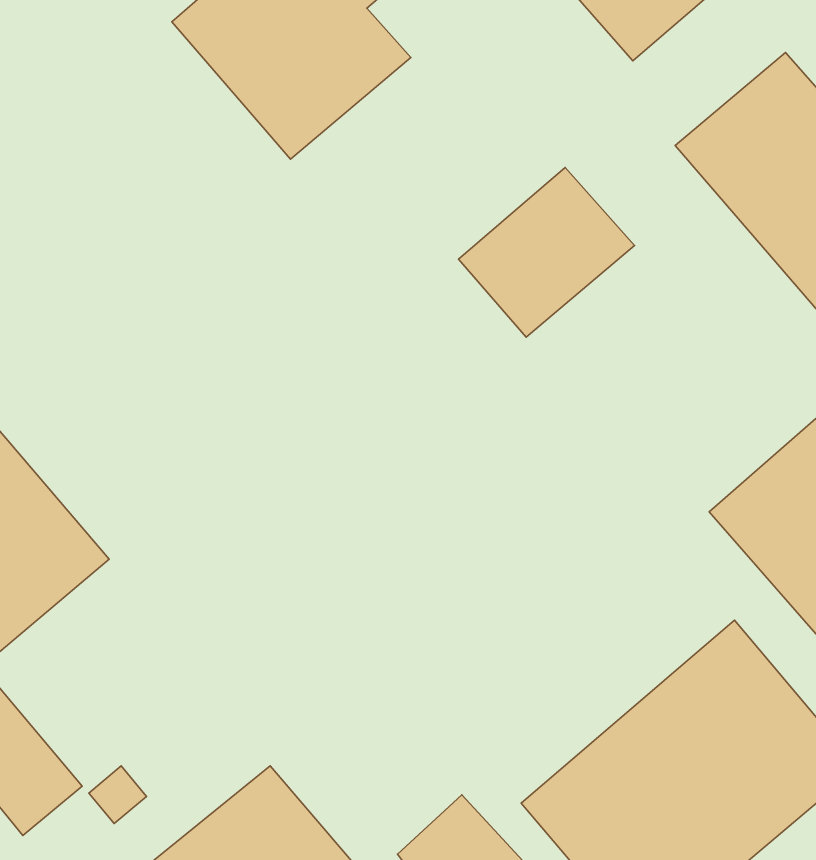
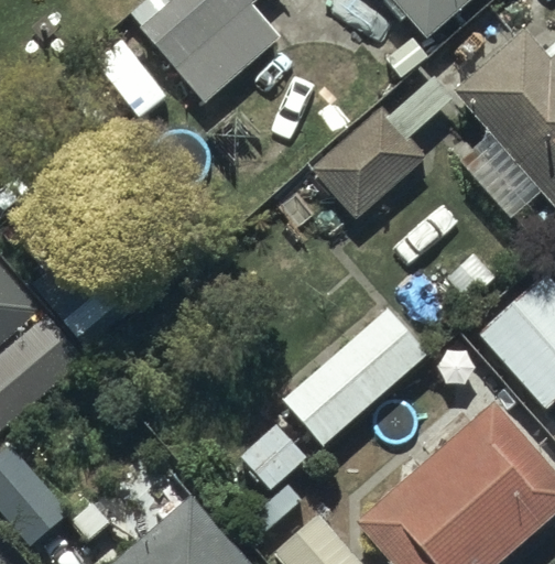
building: none -> [280,310,427,447]

